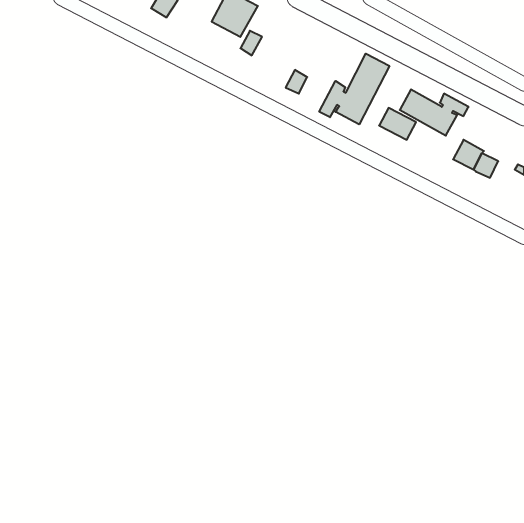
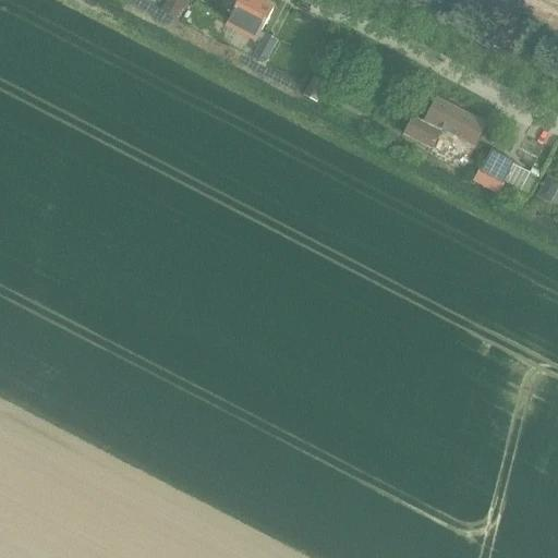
building: [319,54,389,124] -> none

